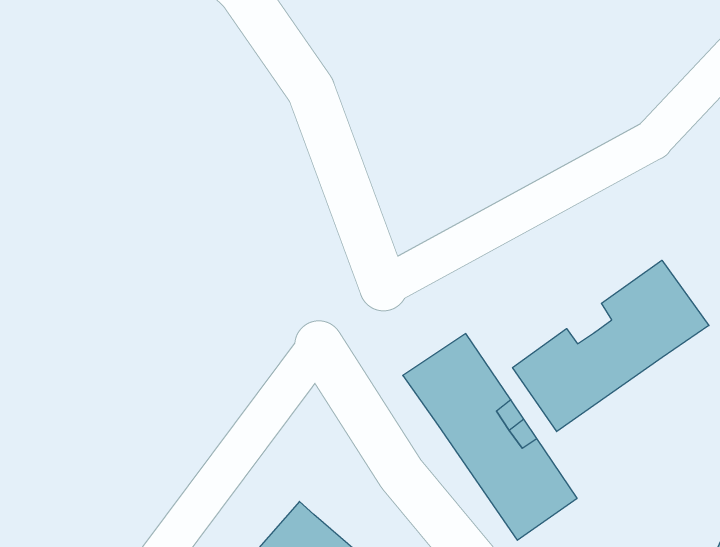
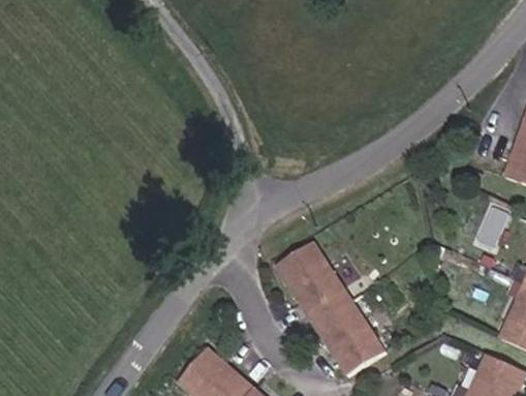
building: [513,260,709,432] -> none

